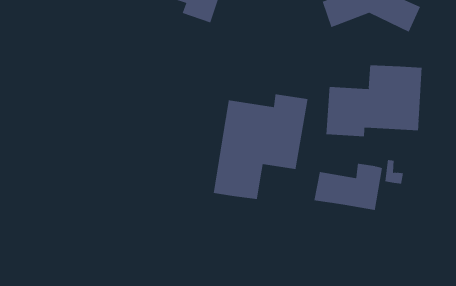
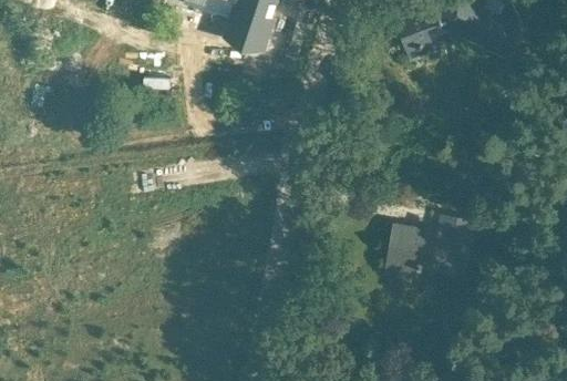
building: [326,64,422,137] -> none
building: [213,94,308,200] -> none

